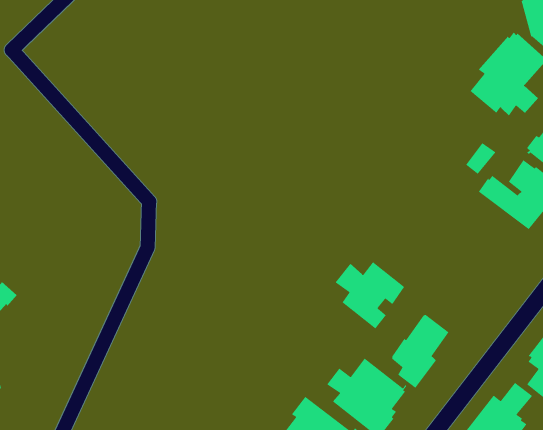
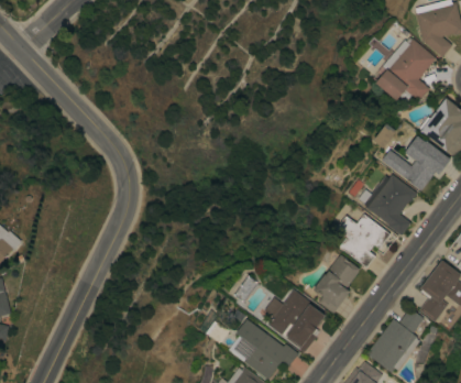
building: none -> [364,175,417,236]
building: [334,261,405,329] -> [334,215,389,267]

